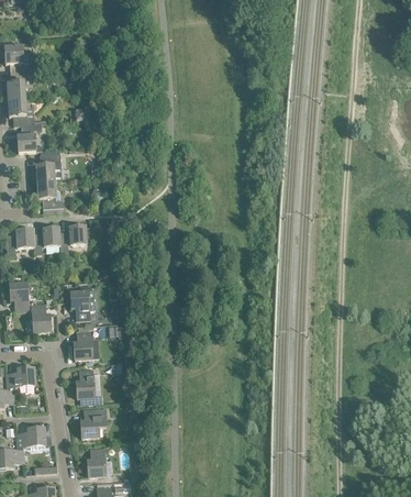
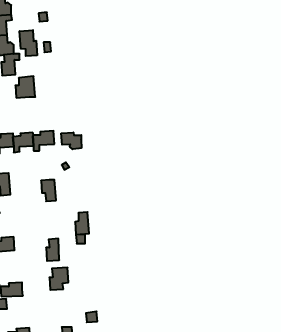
building: none -> [20,30,37,56]
building: [36,180,63,208] -> none
building: none -> [61,132,81,149]
building: [31,302,51,331] -> none
building: [73,329,91,358] -> [75,212,89,234]
building: [87,446,105,476] -> none

